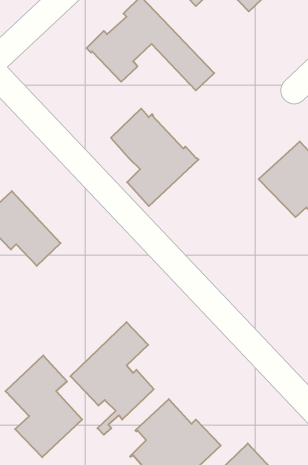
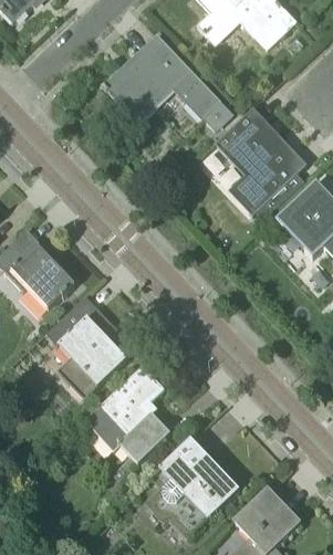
building: [111,109,199,206] -> [217,113,306,212]
building: [5,355,82,457] -> [48,295,126,399]

